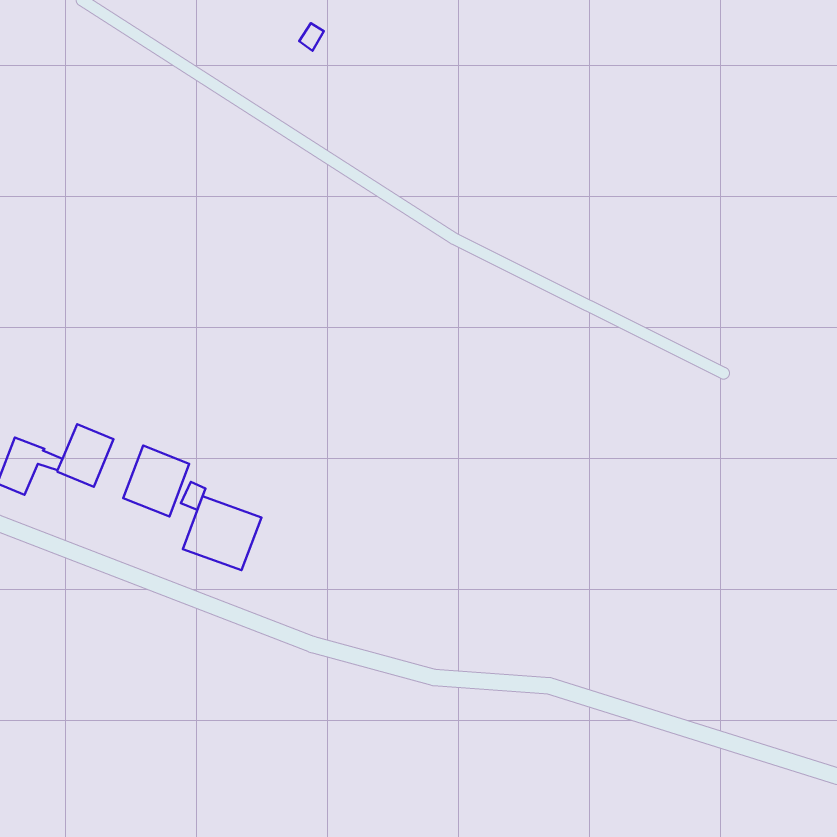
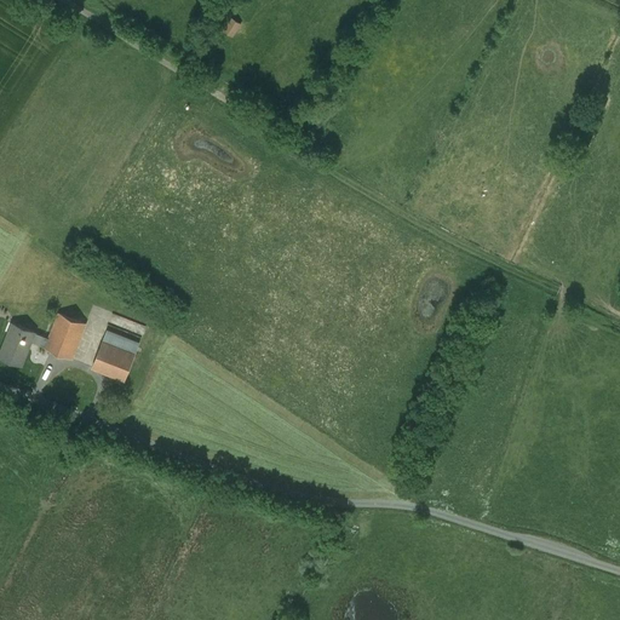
building: [183,496,261,570] -> none

